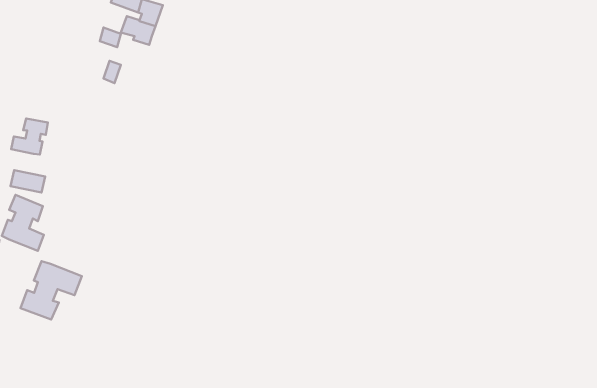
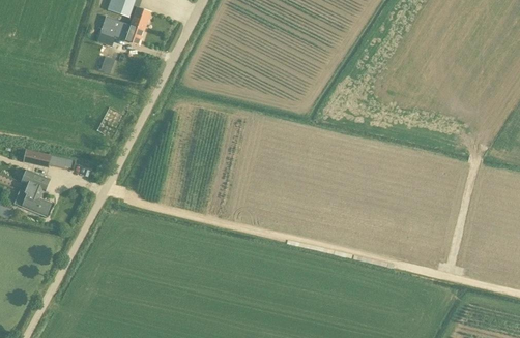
building: [11,119,48,155] -> none
building: [21,261,82,320] -> none

